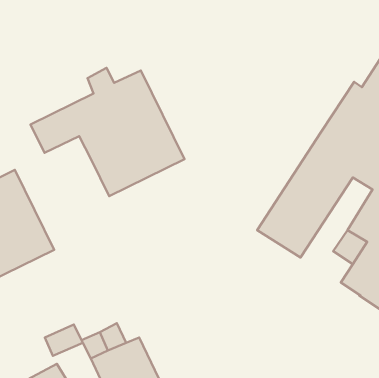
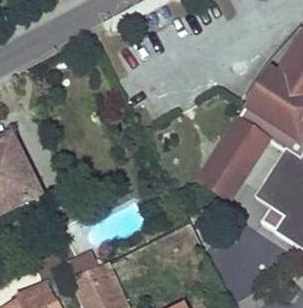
building: [31,68,185,196] -> none

